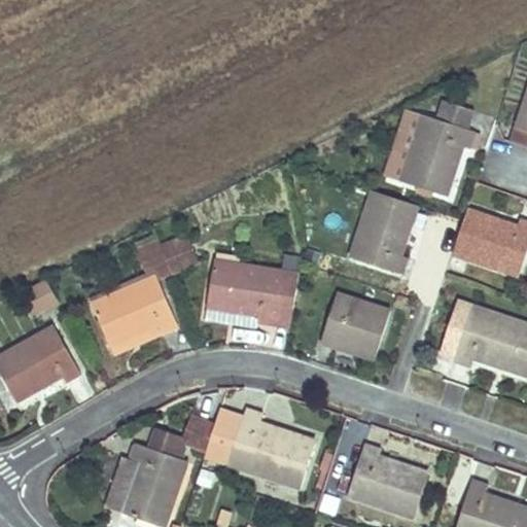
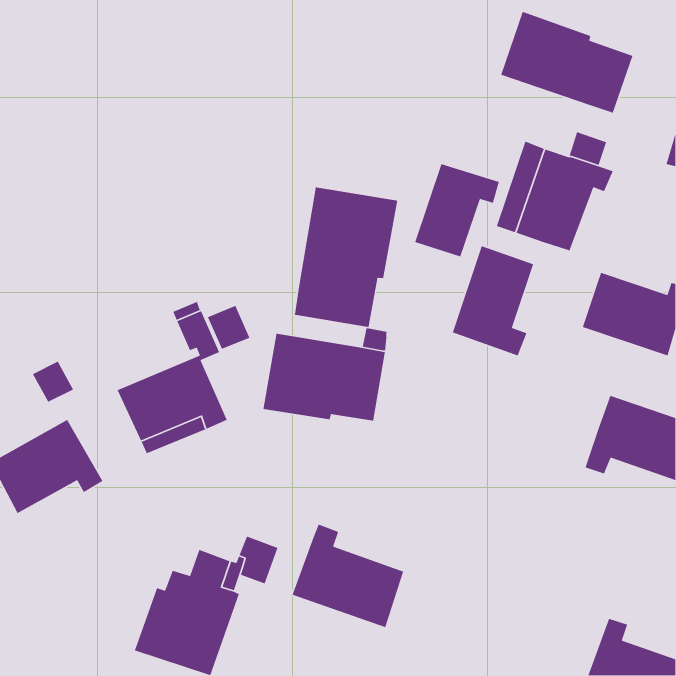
building: none -> [500,11,633,114]
building: none -> [414,163,500,257]
building: none -> [293,187,398,328]
building: [321,292,390,360] -> none
building: [205,410,243,462] -> none
building: [348,444,428,519] -> none

